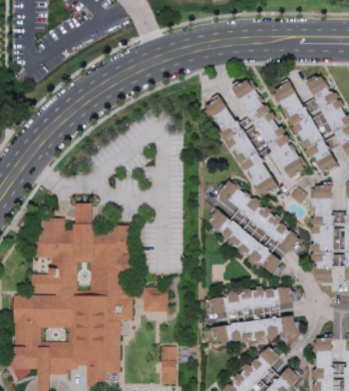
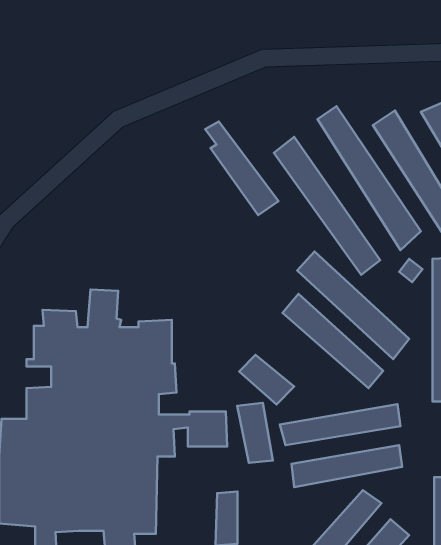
building: none -> [205,122,278,215]
building: none -> [239,355,294,404]
building: none -> [237,403,273,463]

